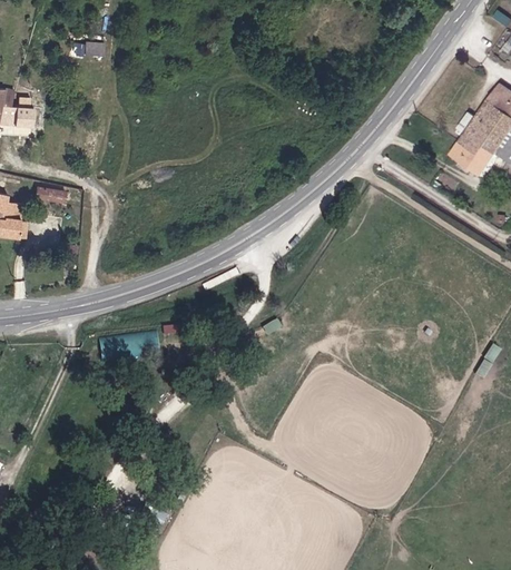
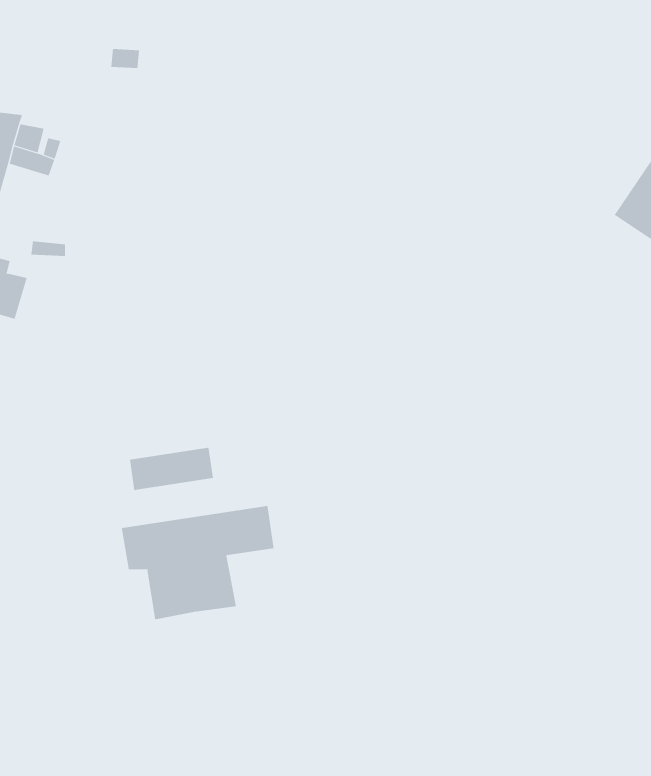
building: none -> [121,505,274,620]

